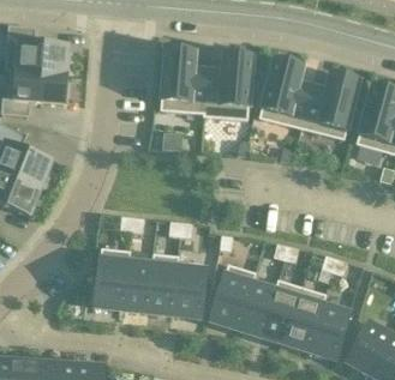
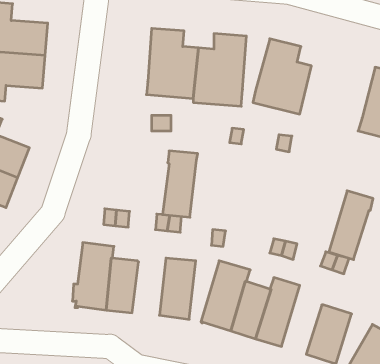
building: [301,73,359,139] -> none
building: [146,253,179,314] -> [163,151,198,217]
building: [285,286,325,350] -> [329,191,373,260]

